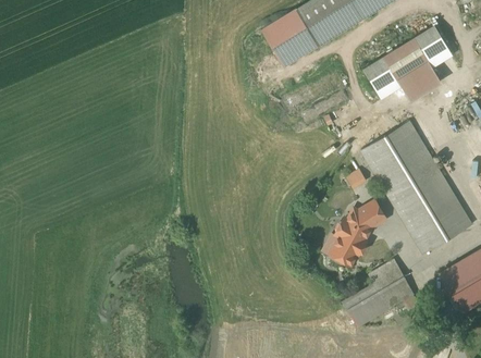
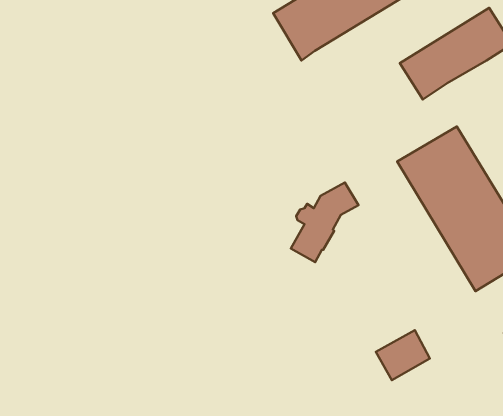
building: [402,69,441,100] -> none
building: [332,201,386,266] -> [291,182,358,262]
building: [369,269,414,309] -> none

